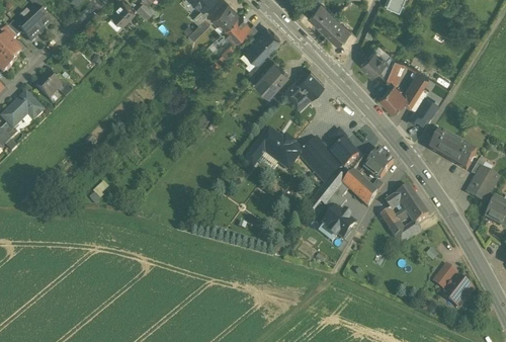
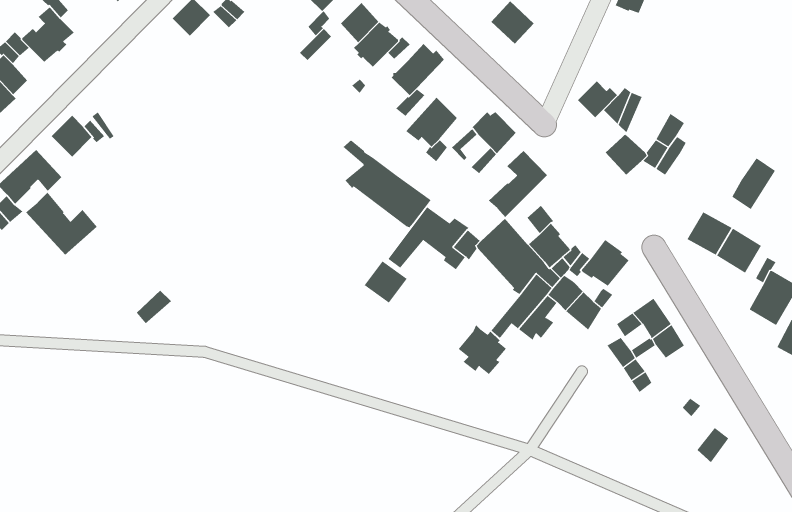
building: [323,16,351,44] -> none
building: none -> [343,140,432,228]
building: none -> [488,150,548,218]
building: [410,97,437,130] -> [732,158,776,210]
building: none -> [25,192,97,256]
building: none -> [364,261,408,303]
building: [325,208,355,240] -> [458,324,507,375]
building: [443,278,472,308] -> none

